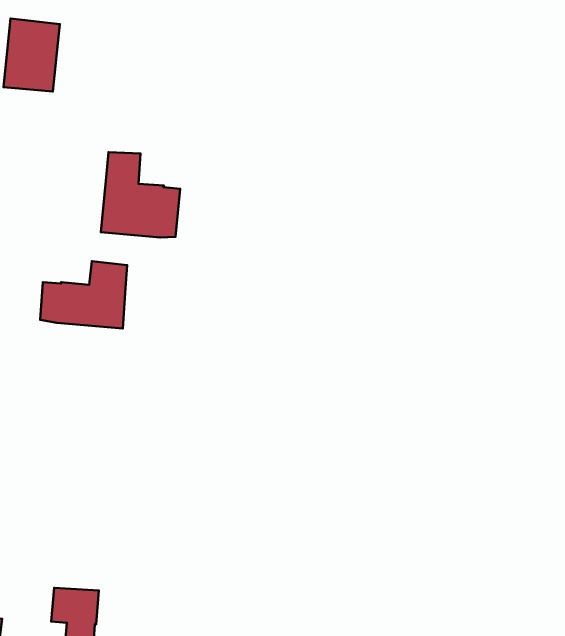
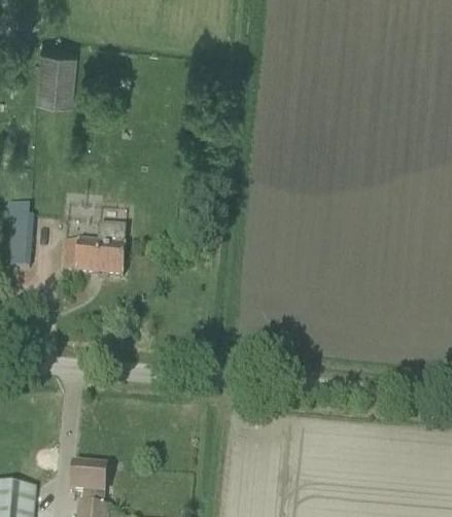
building: [101,152,180,237] -> none

